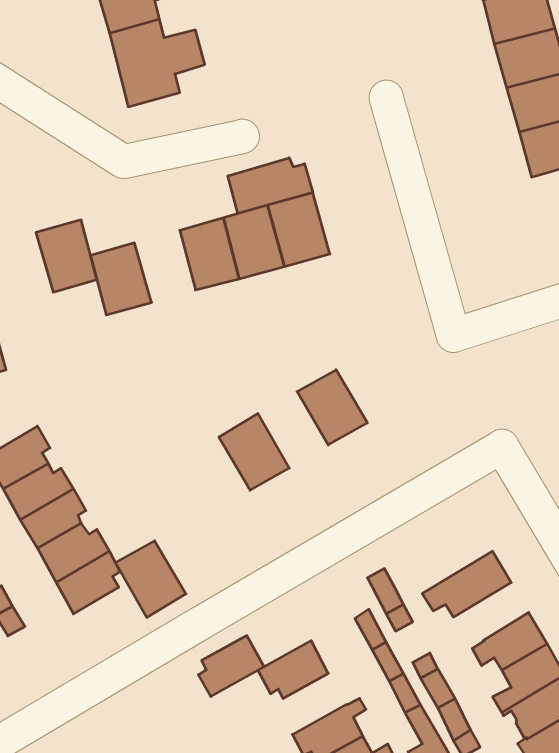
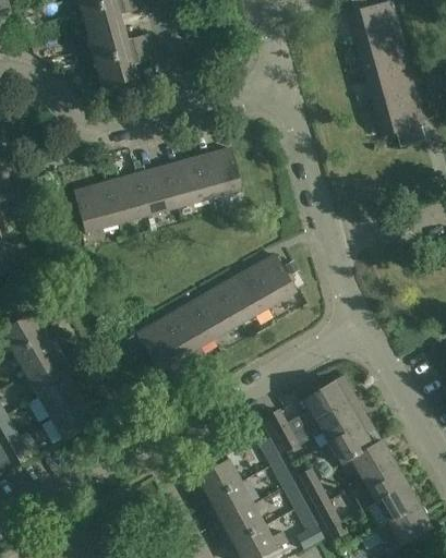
building: [228,158,313,214] -> none
building: [36,220,97,292] -> [106,172,148,222]
building: none -> [246,253,297,306]
building: none -> [192,284,241,338]
building: none -> [300,374,355,425]
building: [115,541,186,617] -> [137,316,186,369]
building: none -> [328,417,381,463]
building: [198,636,264,697] -> [207,481,253,523]

